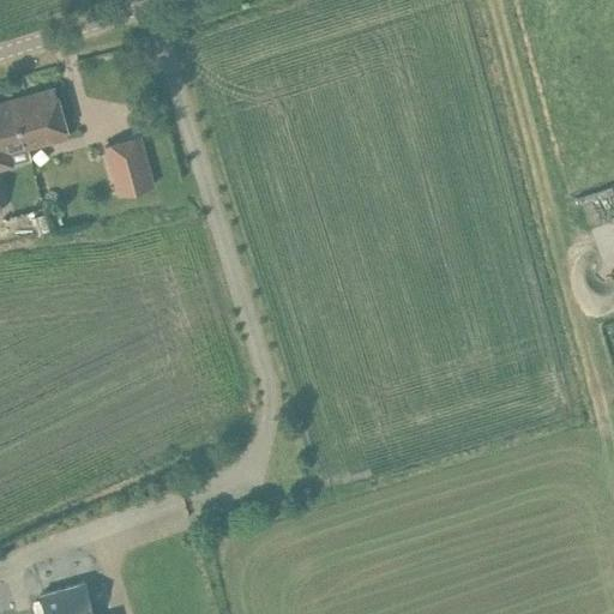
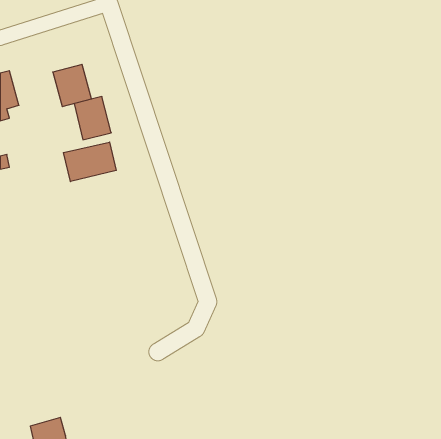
building: [13,90,67,149] -> [53,64,92,107]
building: none -> [63,142,116,182]

